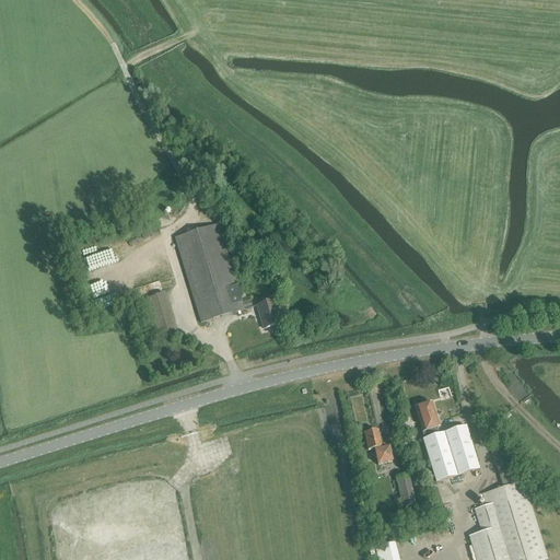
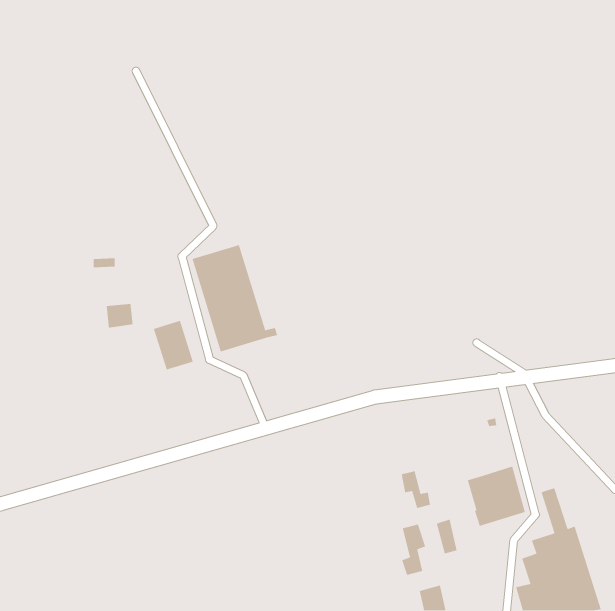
building: [256,299,281,327] -> none
building: [415,398,440,430] -> none
building: none -> [401,523,426,576]

